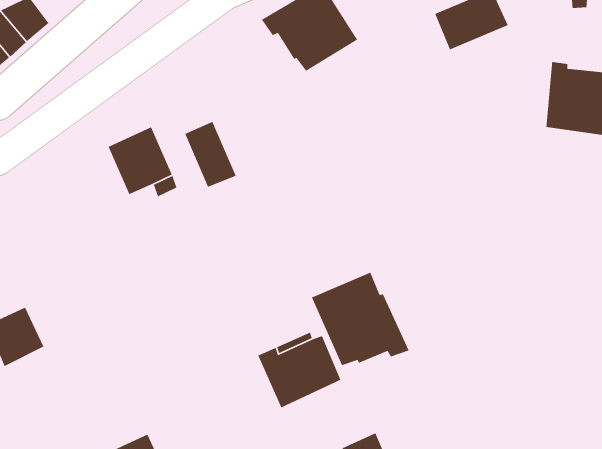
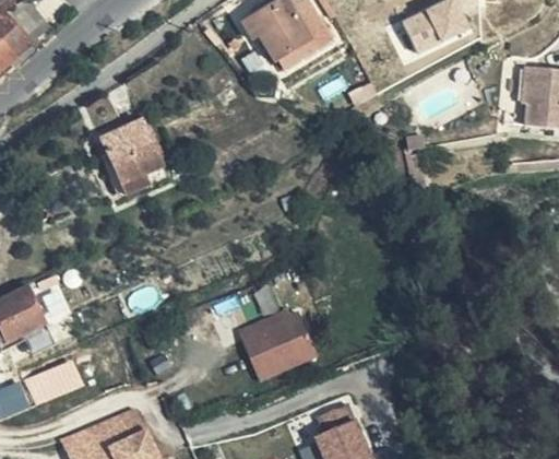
building: [184,121,237,188] -> none
building: [311,272,410,366] -> none
building: none -> [16,362,80,409]

